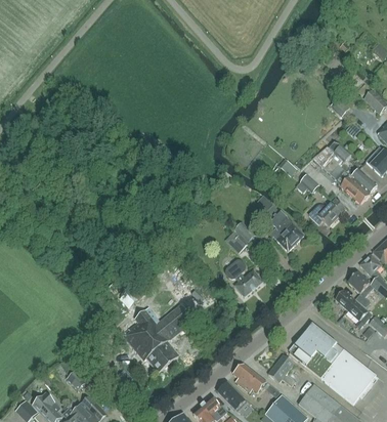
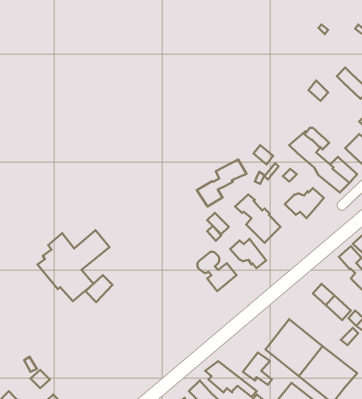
building: none -> [197,160,246,206]
building: none -> [230,239,266,268]
building: [347,271,373,307] -> none
building: [124,303,192,371] -> [37,230,110,301]

